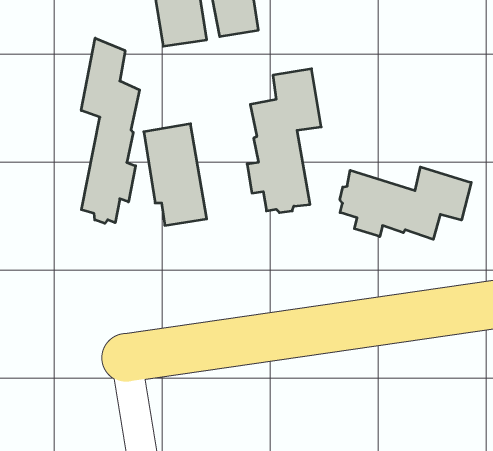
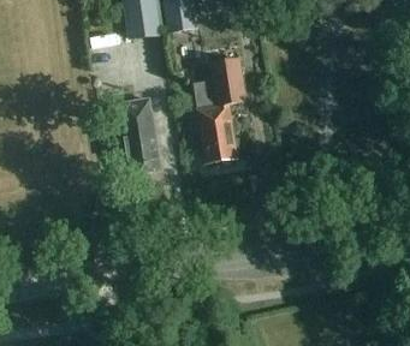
building: [81,38,140,223] -> none
building: [340,167,471,239] -> none

